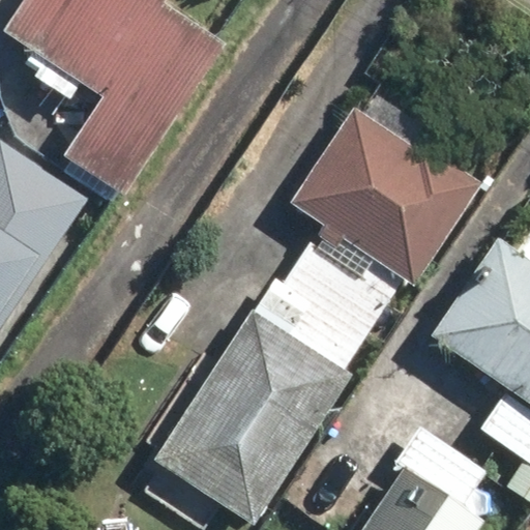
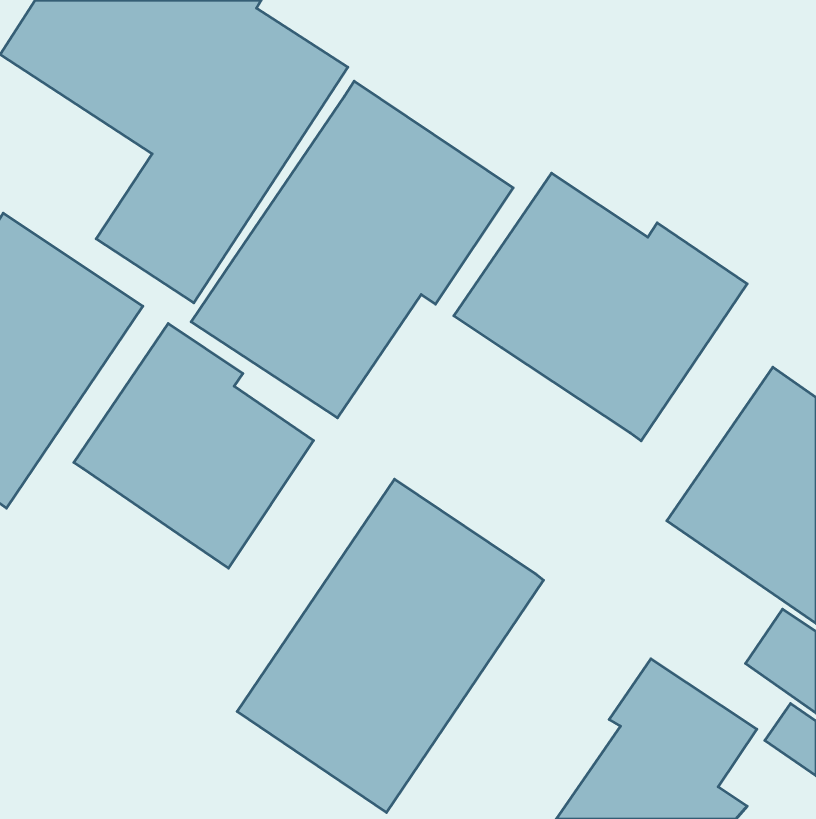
building: none -> [191,81,513,418]
building: none -> [74,323,313,568]
building: [255,225,407,371] -> none

